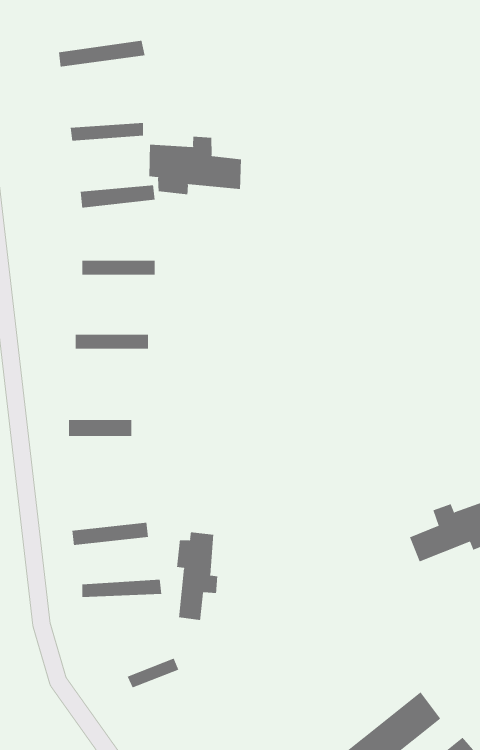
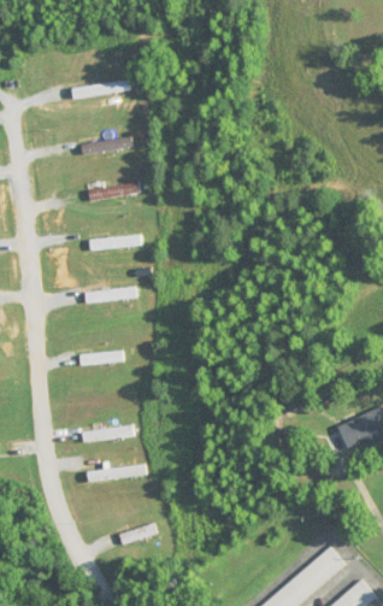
building: [149,136,242,195] -> none
building: [176,531,218,621] -> none

